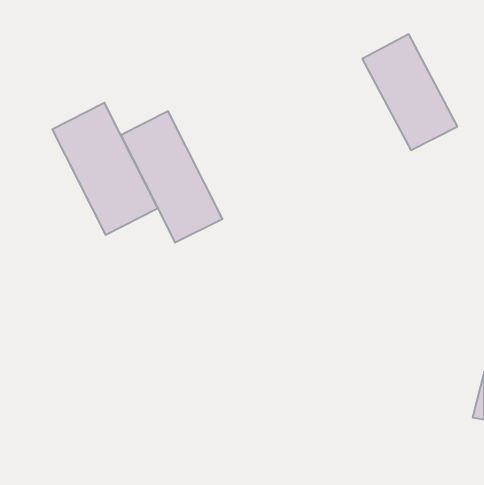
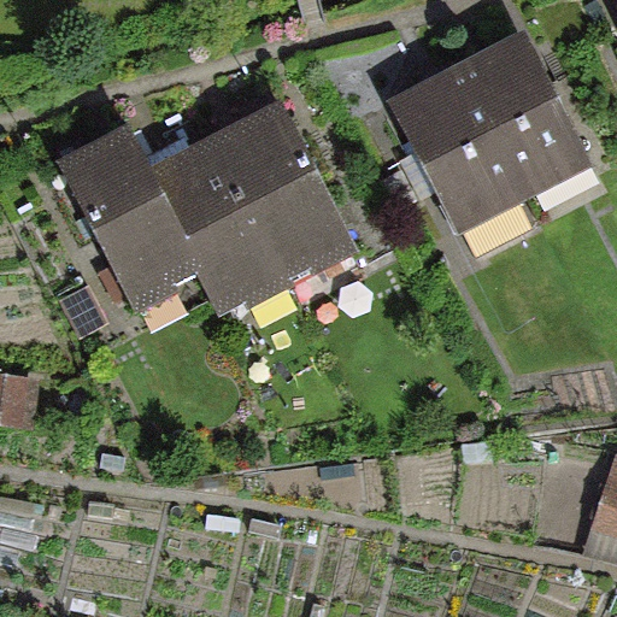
building: none -> [400,76,521,223]
building: none -> [213,111,342,278]

